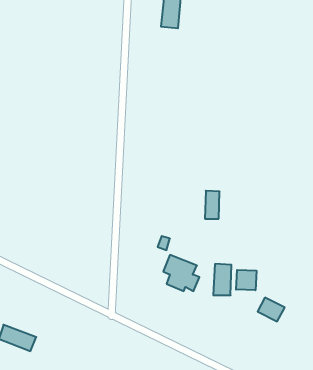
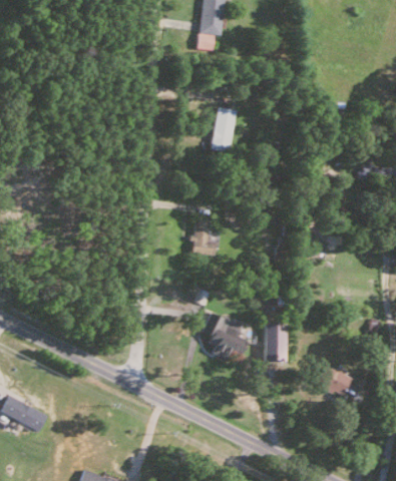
building: none -> [212,108,236,152]
building: [205,191,220,219] -> [192,220,211,255]
building: [236,270,256,290] -> none

